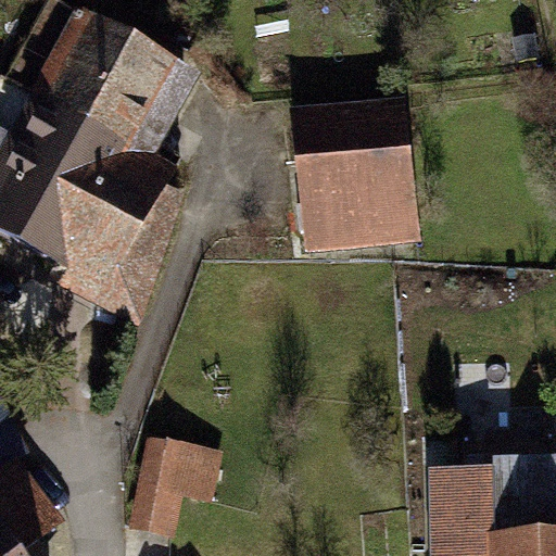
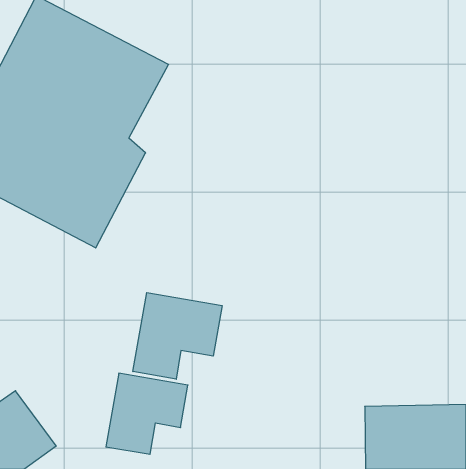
building: [289,100,422,253] -> none
building: none -> [133,293,222,379]

